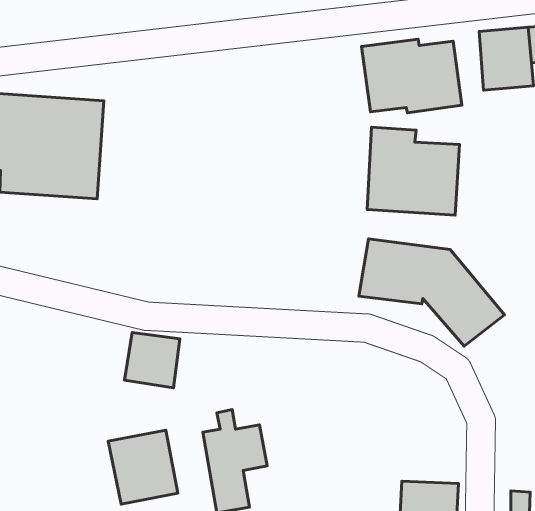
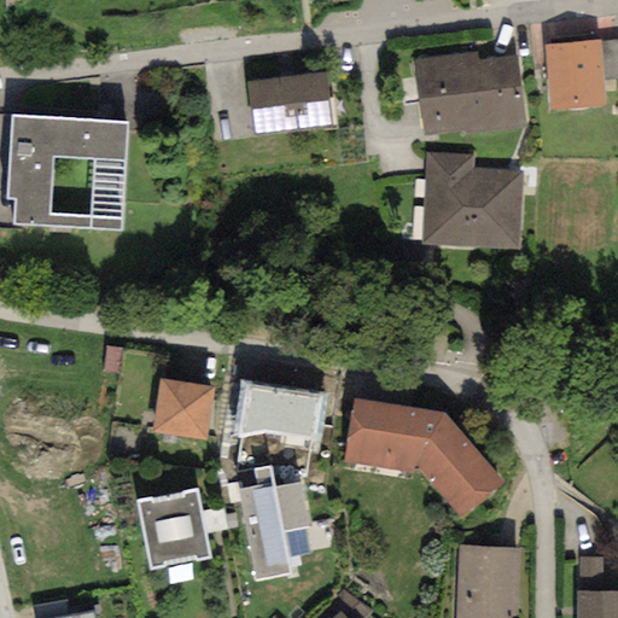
building: none -> [249,74,332,135]
building: [359,239,504,346] -> [344,398,506,518]
building: none -> [233,378,328,441]

